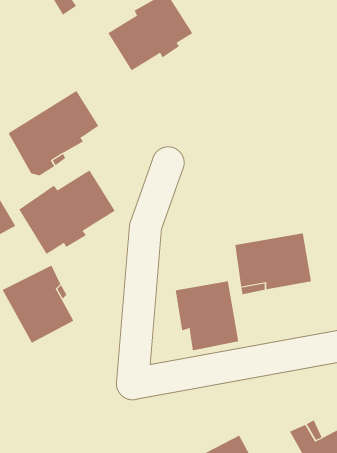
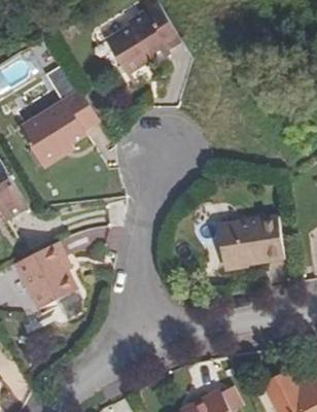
building: [18,170,115,255] -> none
building: [175,281,239,351] -> none

